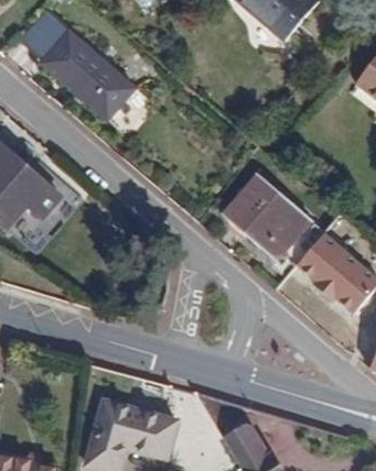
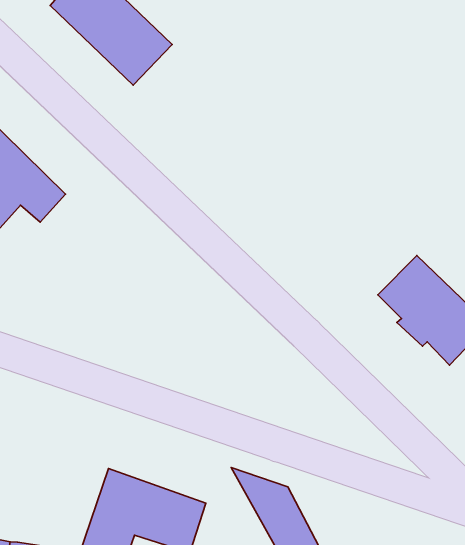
building: [223,172,312,259] -> none

